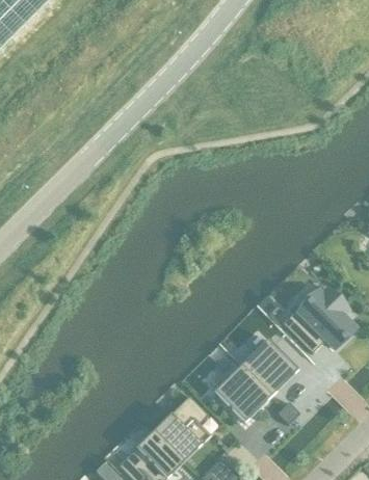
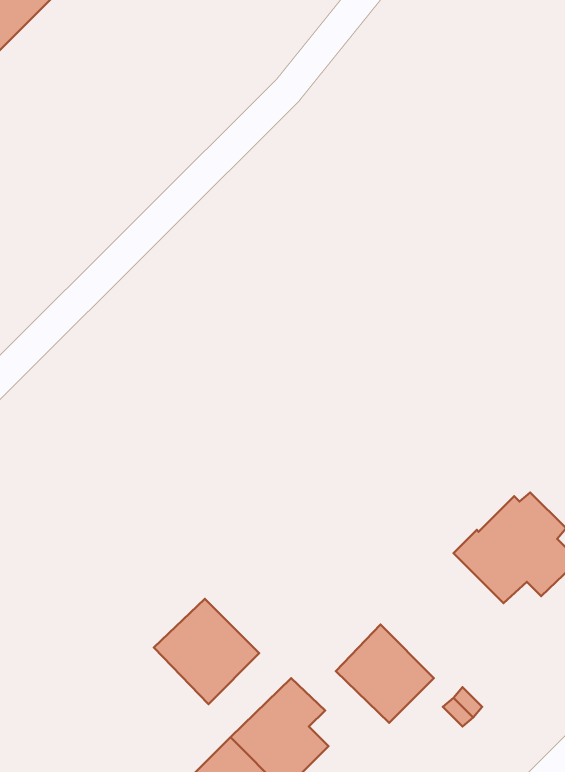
building: [240,339,297,396] -> none
building: none -> [154,599,259,704]

